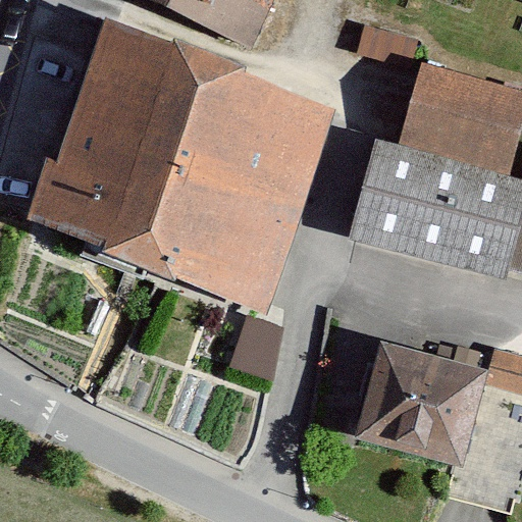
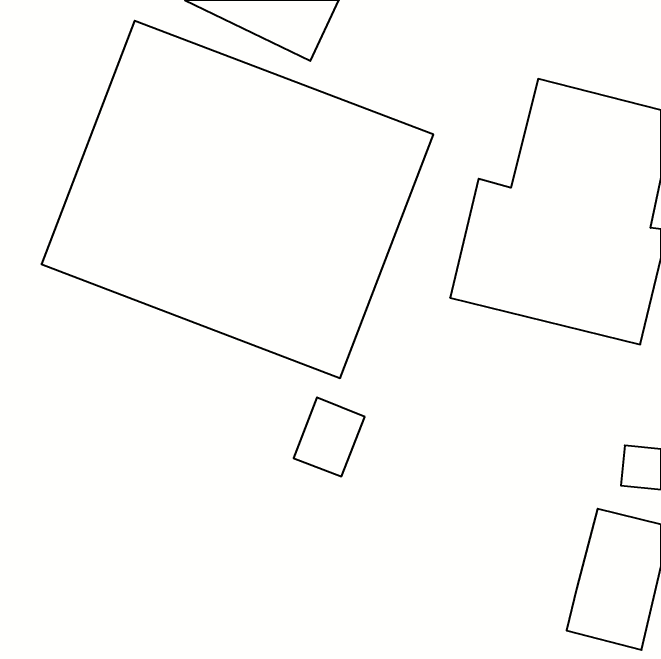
building: [358,345,480,465] -> none

